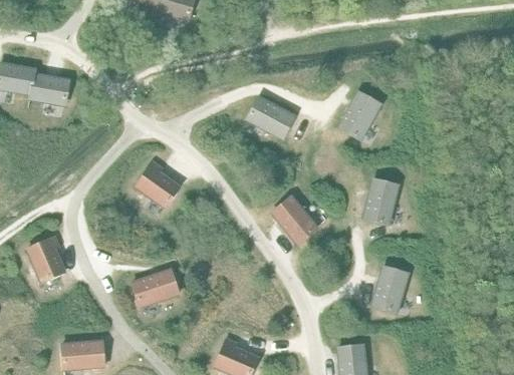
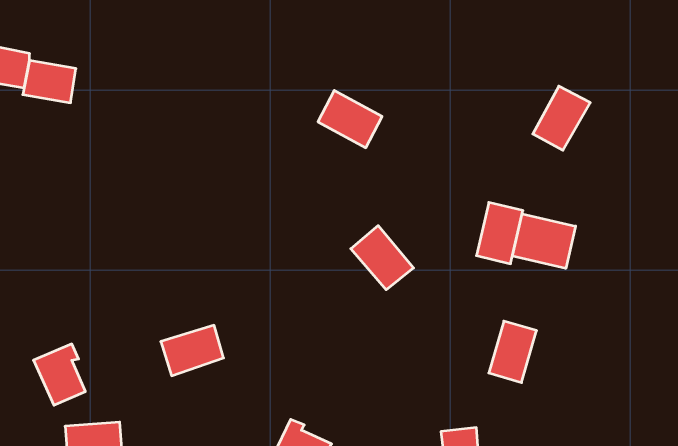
building: [339,91,381,138] -> [533,86,590,150]
building: [136,161,180,207] -> none
building: none -> [512,214,576,268]
building: [26,236,64,281] -> [33,344,85,405]

